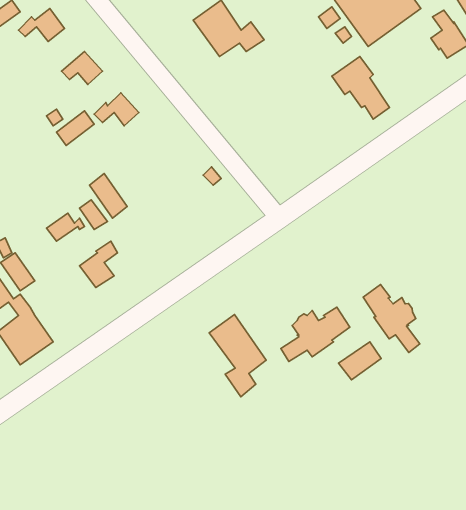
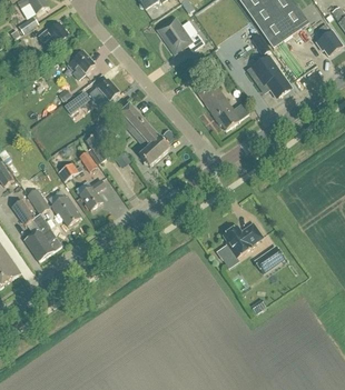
building: none -> [197,81,248,131]
building: none -> [120,104,169,167]
building: none -> [50,196,79,227]
building: [363,285,420,353] -> none
building: [209,314,266,397] -> none

